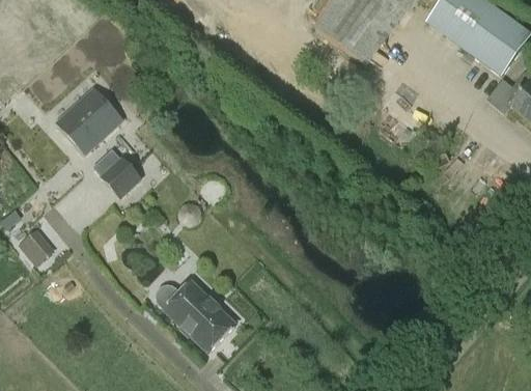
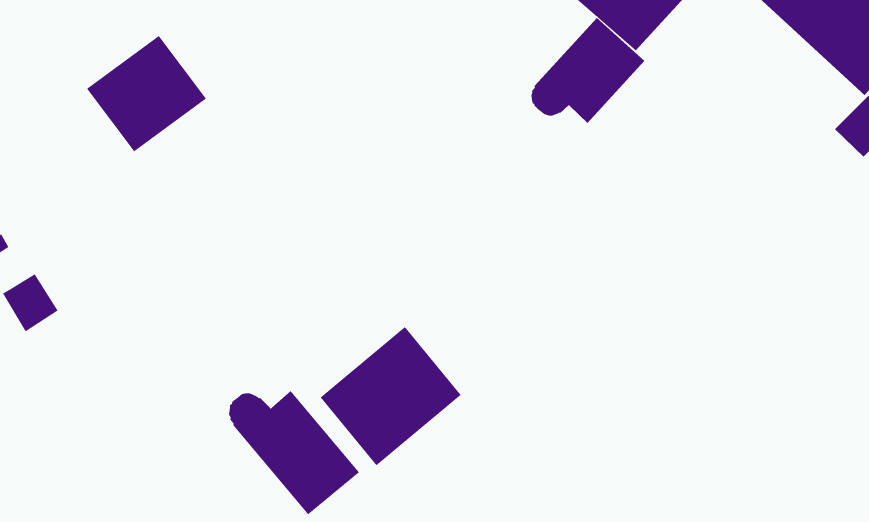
building: none -> [531,17,645,124]
building: [101,156,141,197] -> none
building: none -> [320,326,461,466]

